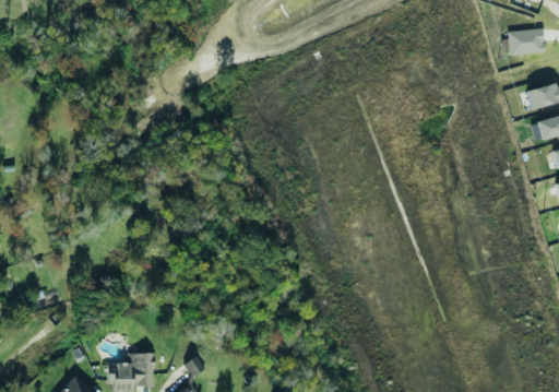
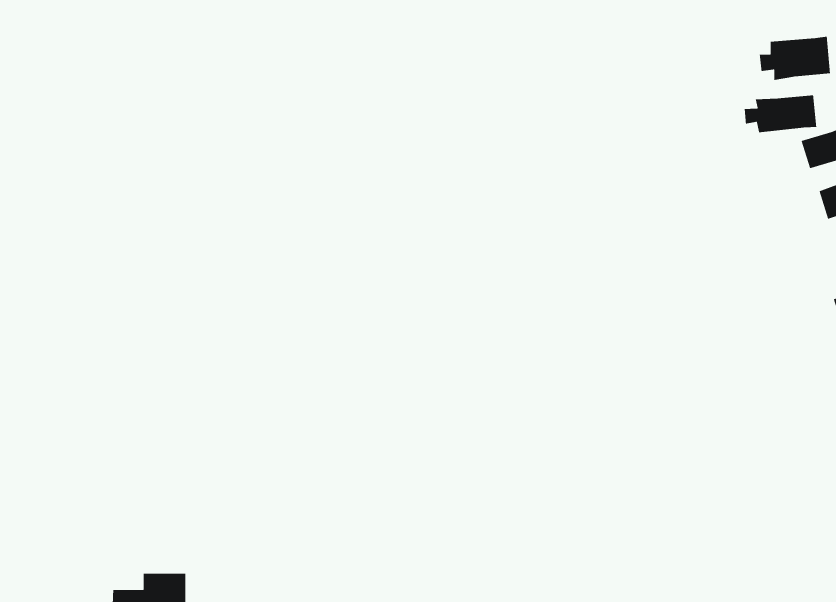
building: none -> [744,95,817,133]

